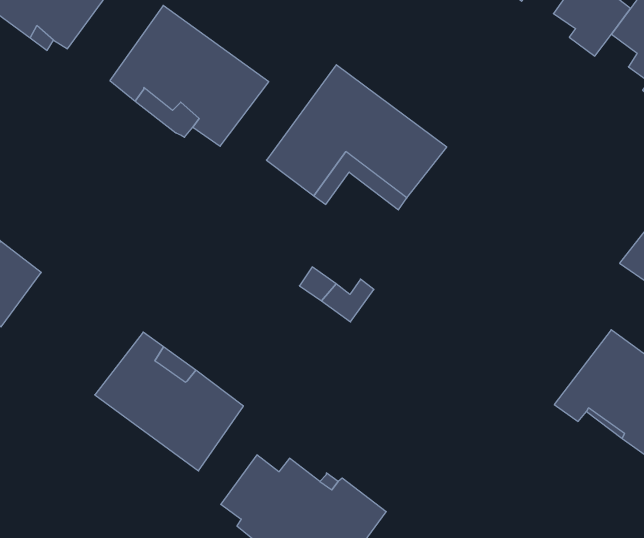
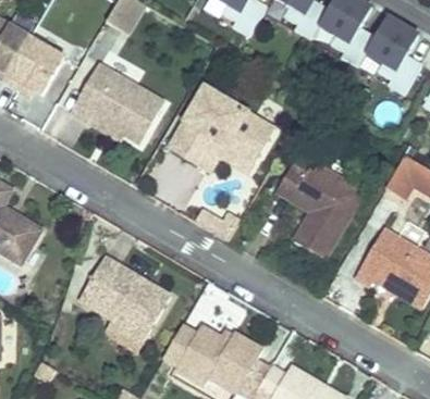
building: none -> [275,161,366,260]

